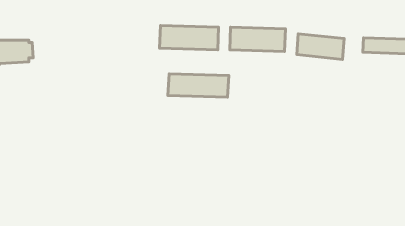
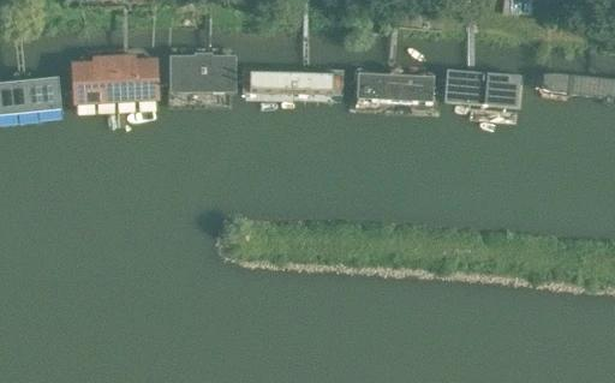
building: none -> [67,55,161,109]
building: none -> [172,56,232,95]
building: [168,74,229,97] -> none

